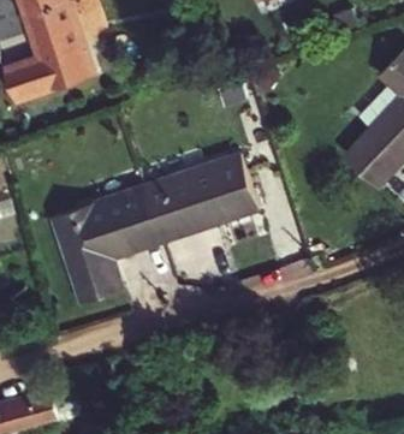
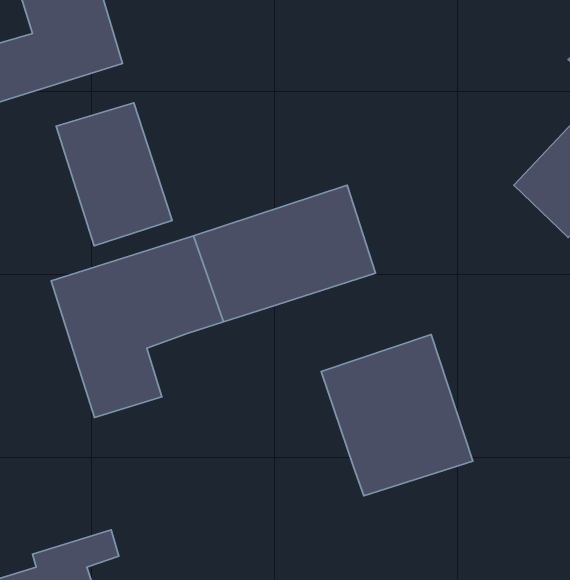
building: none -> [56,103,172,246]
building: none -> [321,334,473,496]

